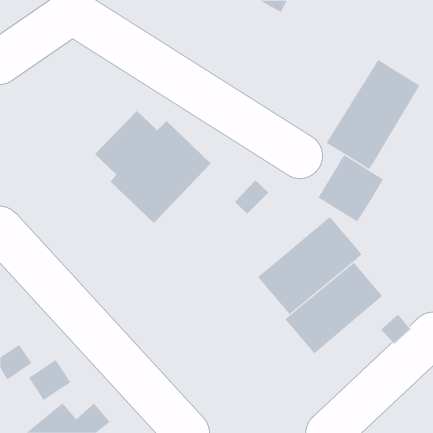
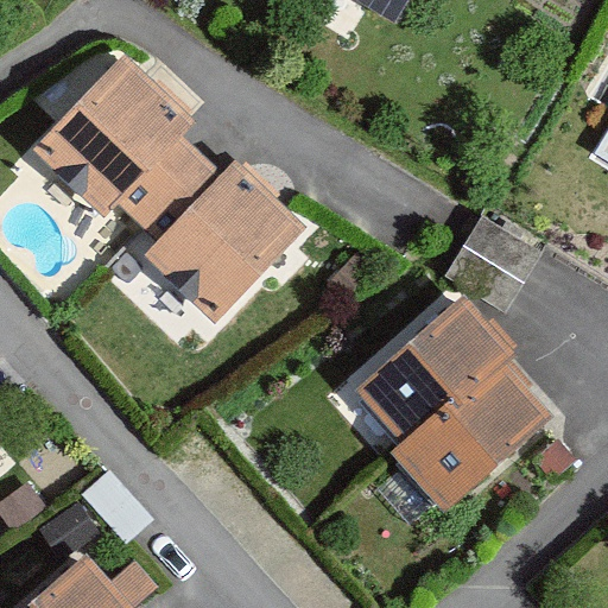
building: none -> [37,61,191,216]
building: [326,59,420,170] -> none

